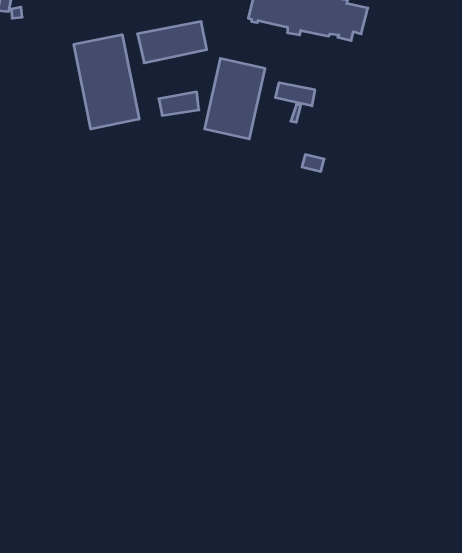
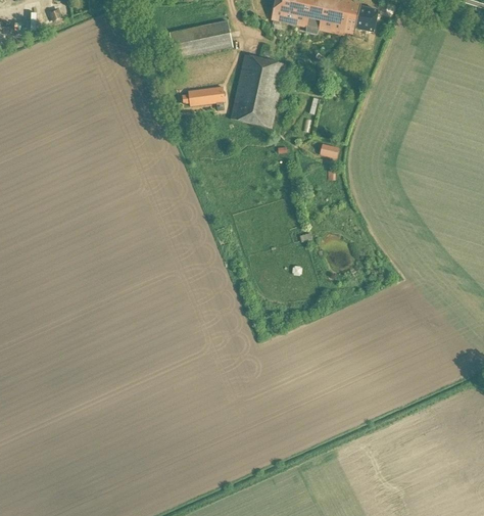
building: [74,35,139,129] -> none
building: [275,83,315,106] -> none

